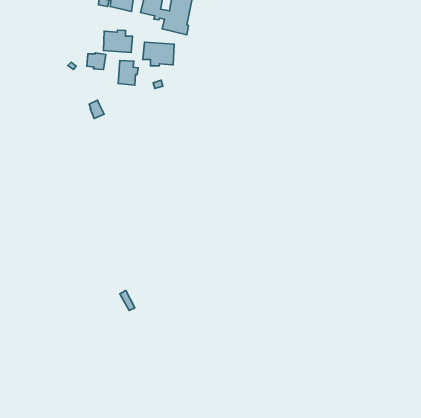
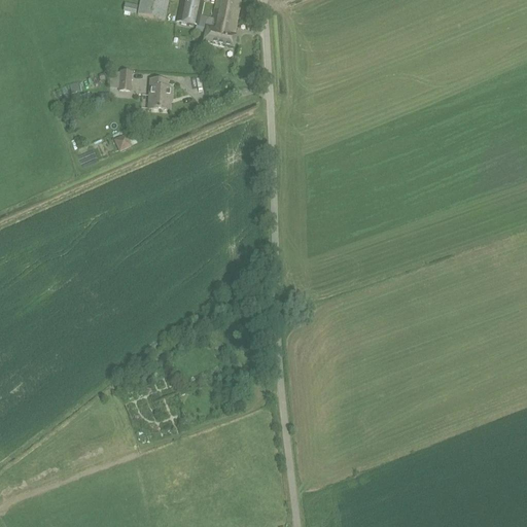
building: [103,30,133,52] -> none
building: [143,42,174,66] -> none

